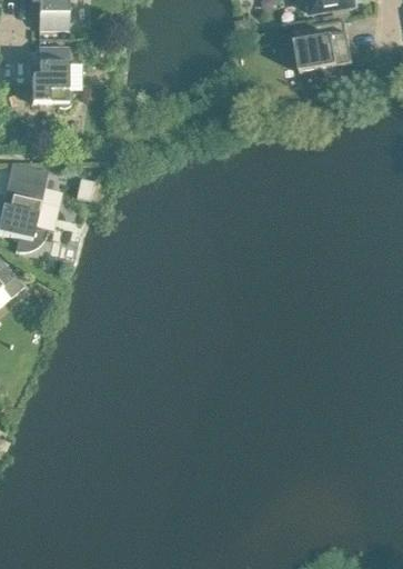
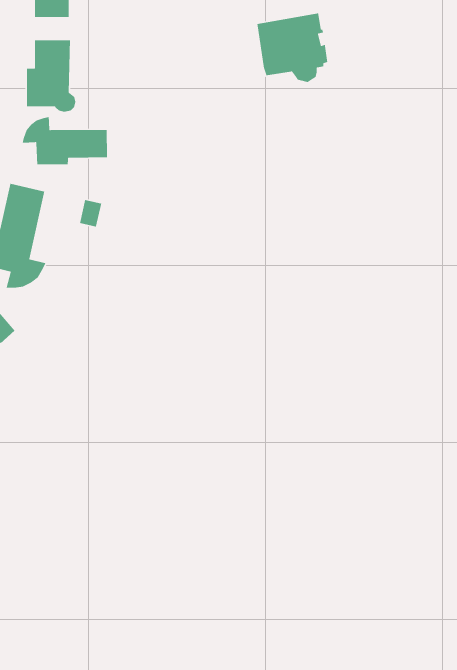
building: [293,18,352,76] -> [256,13,328,83]
building: none -> [21,116,108,165]

